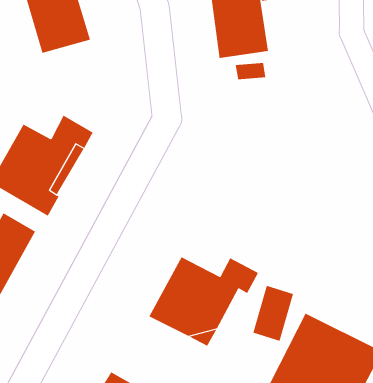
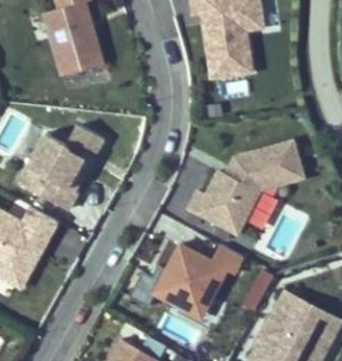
building: none -> [185,141,306,239]

